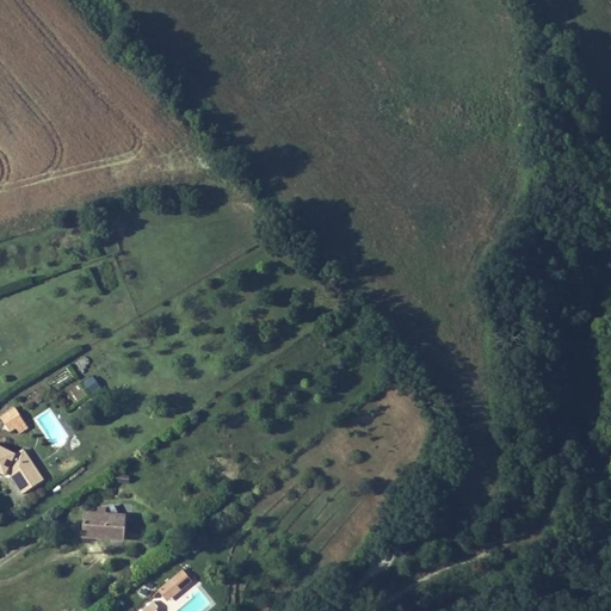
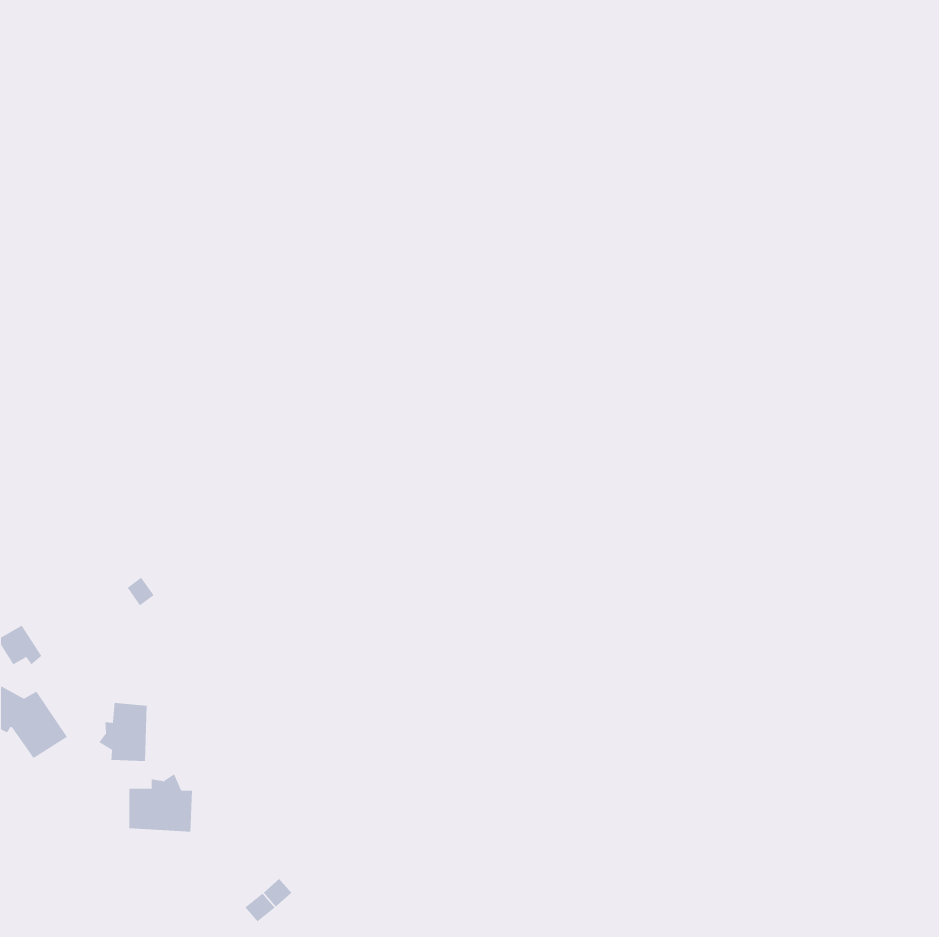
building: none -> [99,702,147,762]

